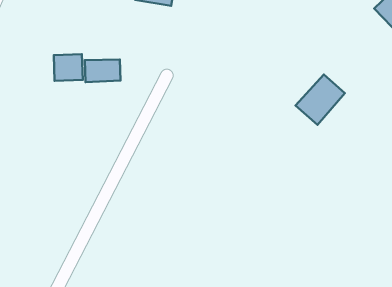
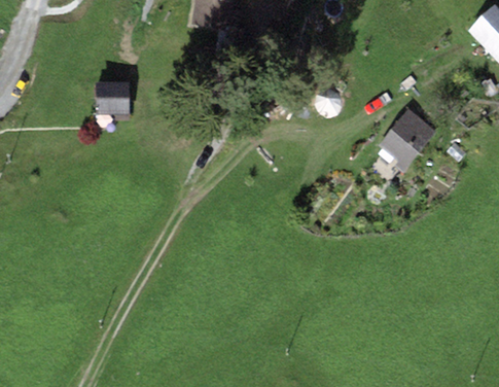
building: [85,59,121,82] -> none

